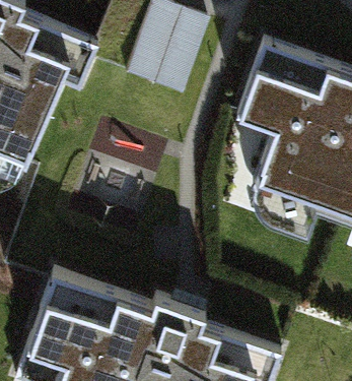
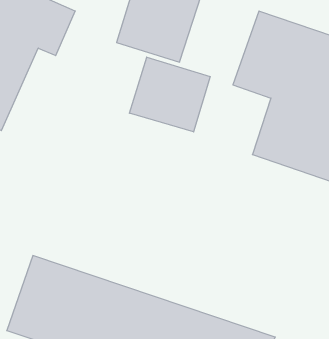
building: none -> [129,57,210,132]

